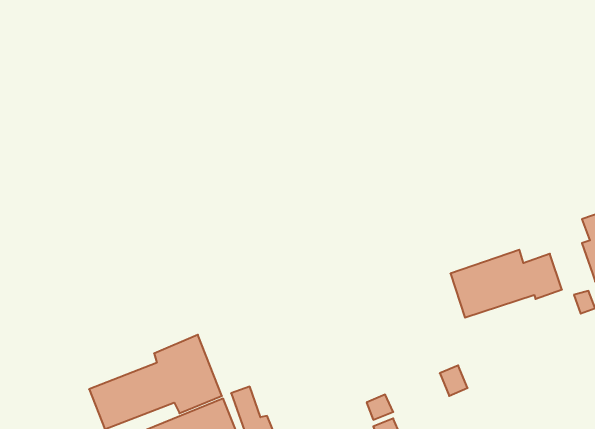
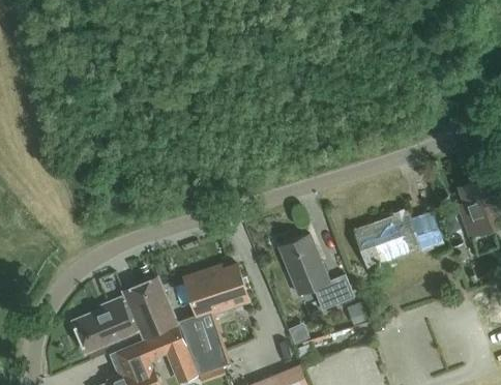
building: none -> [277,232,353,308]
building: none -> [184,266,248,315]

